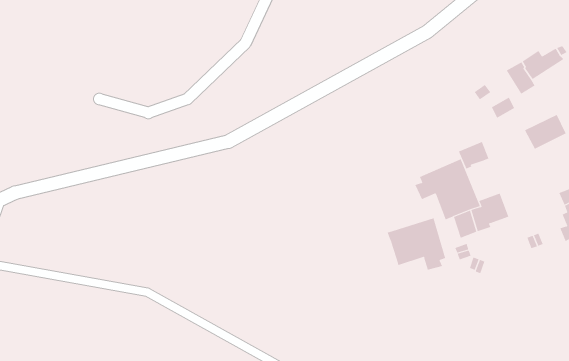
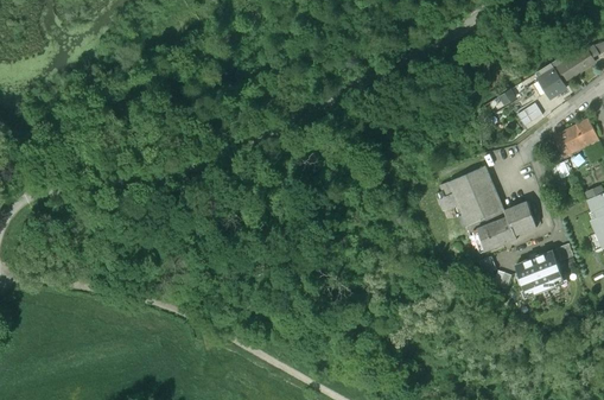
building: [458,141,489,169] -> none
building: [387,217,446,271] -> none
building: none -> [516,250,562,293]

